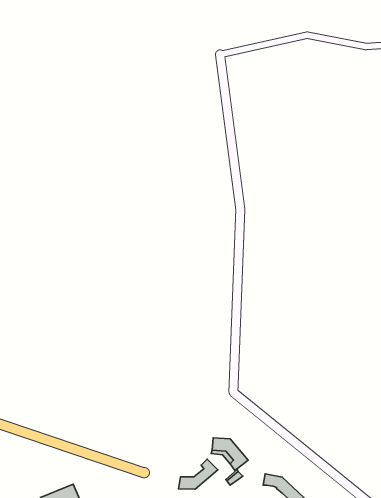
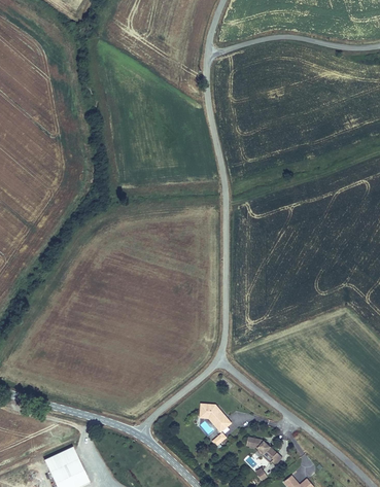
building: [179,459,218,489] -> none

